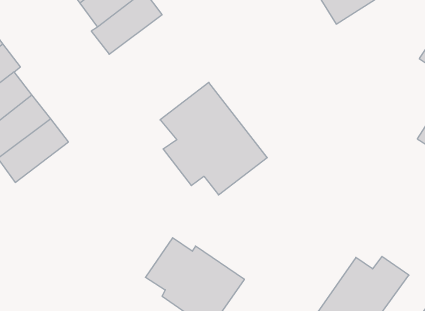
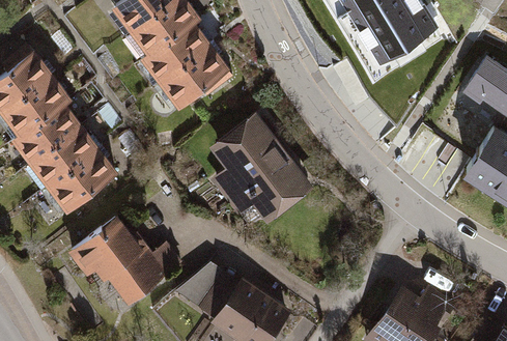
building: none -> [157,45,233,108]
building: none -> [66,217,181,305]

